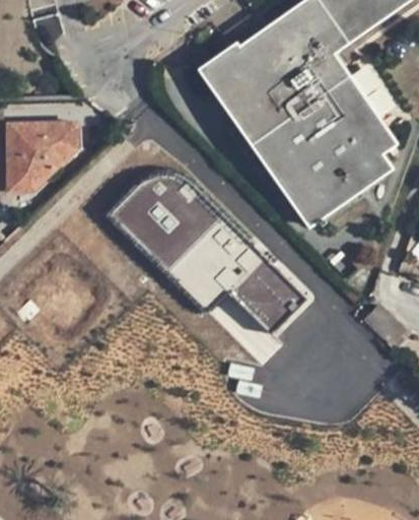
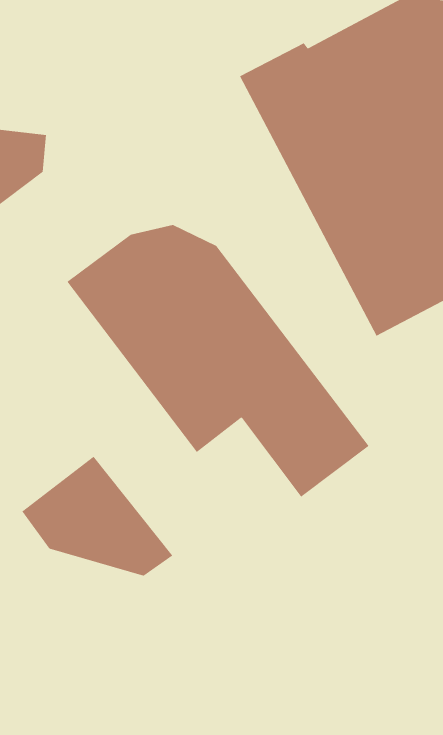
building: none -> [21,456,173,577]

